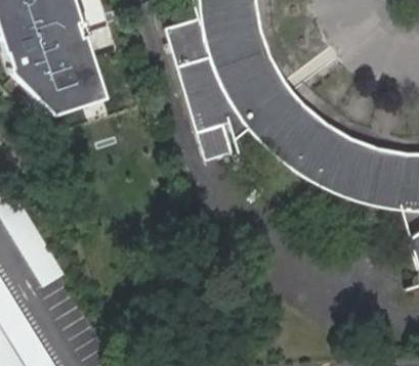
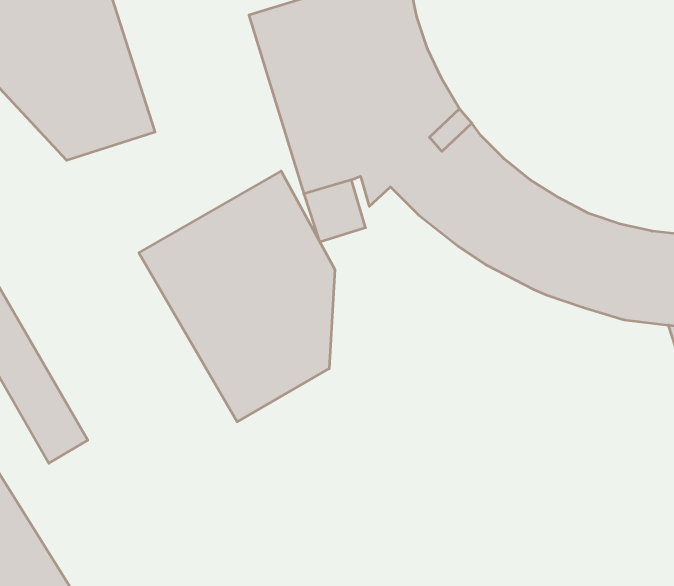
building: none -> [139,171,335,422]

